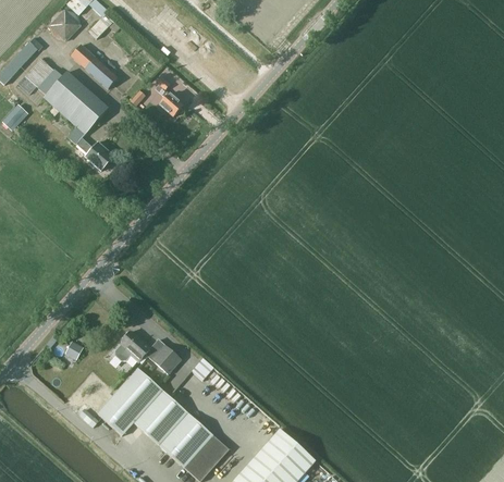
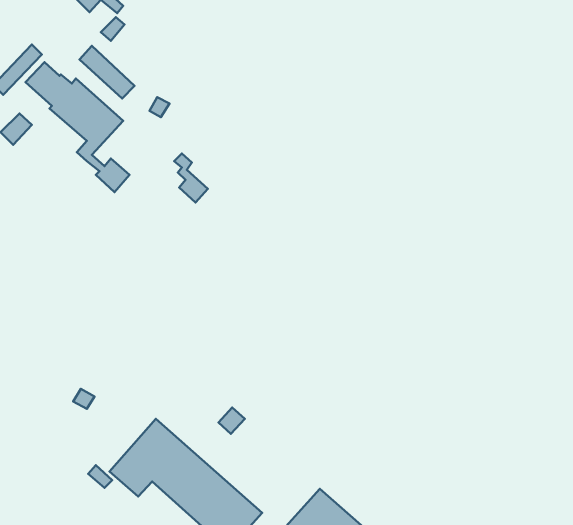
building: [49,9,82,41] -> none
building: [155,76,184,119] -> [174,154,208,202]
building: [119,332,181,374] -> none

